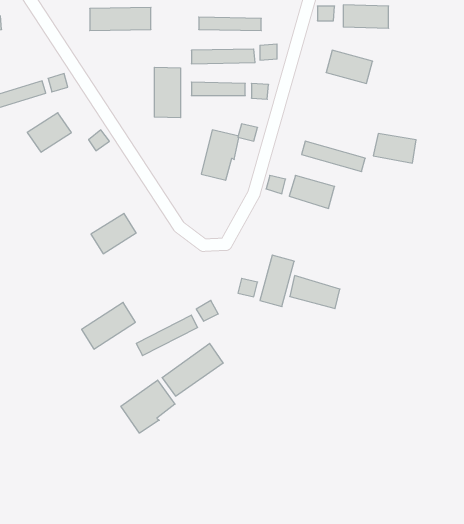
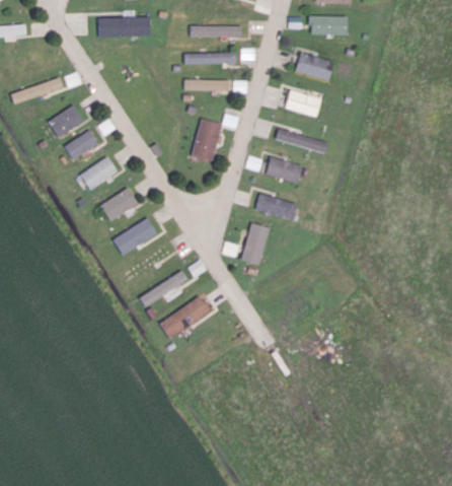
building: [154,67,180,118] -> none
building: [373,134,416,163] -> [285,91,320,116]
building: none -> [64,130,98,159]
building: none -> [80,156,118,190]
building: [290,276,340,309] -> [254,193,296,220]
building: [82,302,135,349] -> [112,217,157,256]
building: [121,380,175,433] -> none

